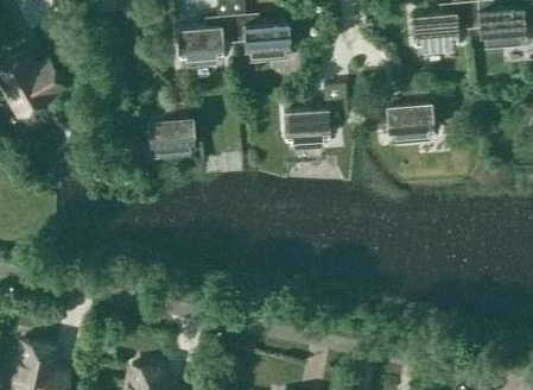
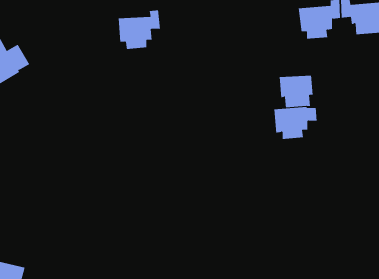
building: [230,14,287,62] -> none
building: [283,106,340,149] -> [274,106,317,139]
building: [148,114,192,157] -> none

